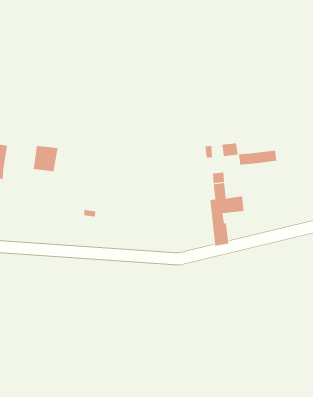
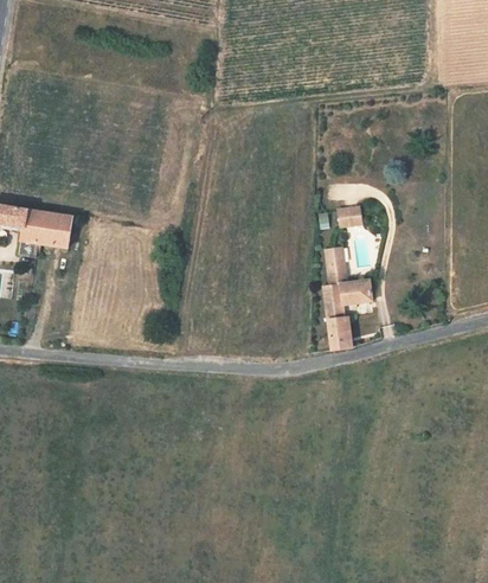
building: [33,145,58,172] -> [38,211,73,248]
building: [239,150,277,166] -> none

